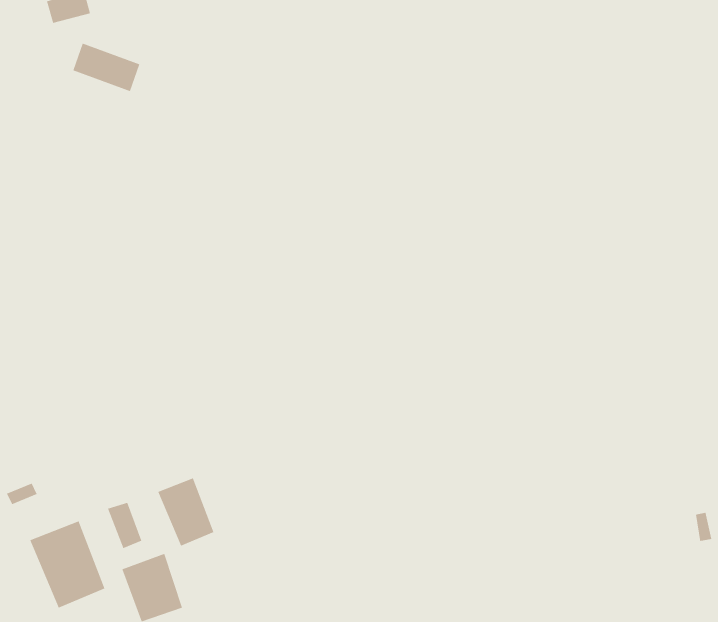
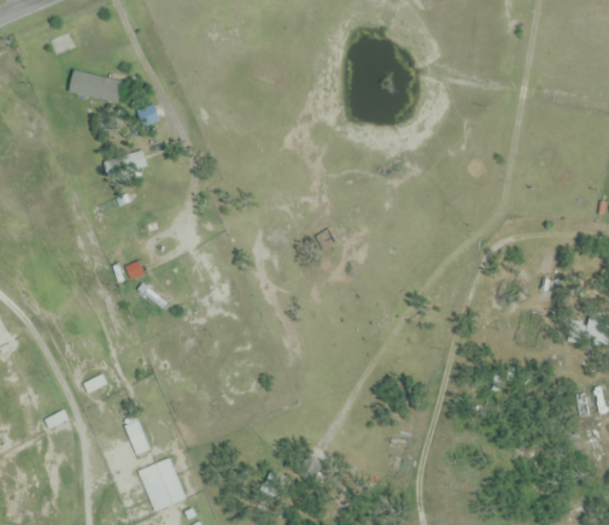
building: [158,477,214,547] -> none
building: [30,520,105,608] -> none

